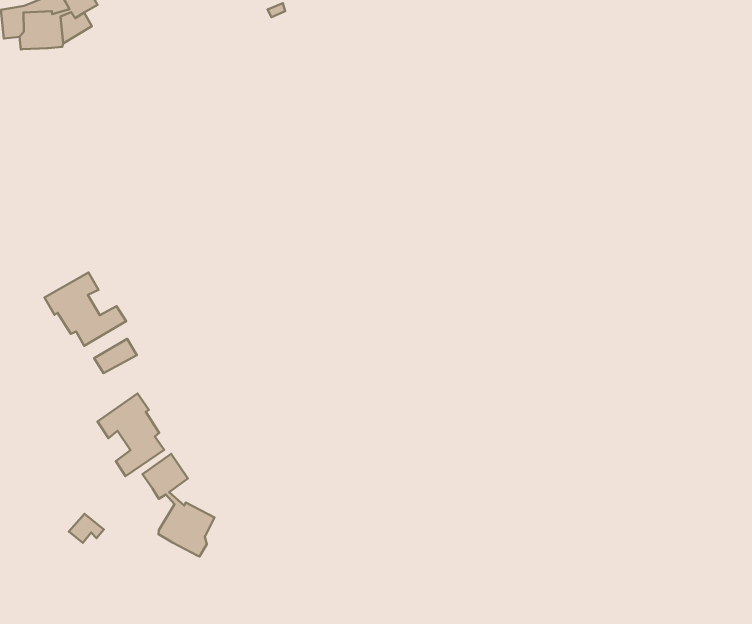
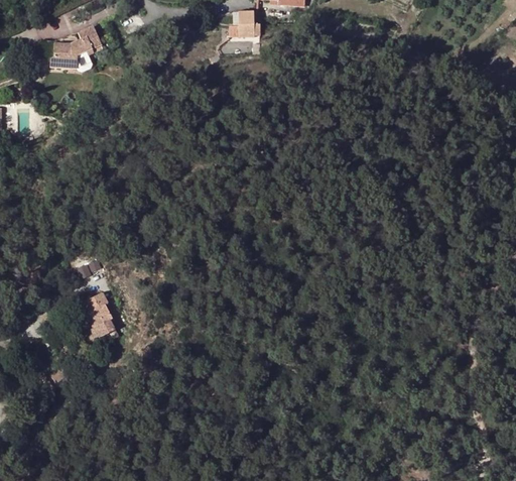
building: [44,272,126,346] -> none
building: [142,454,215,557] -> none

